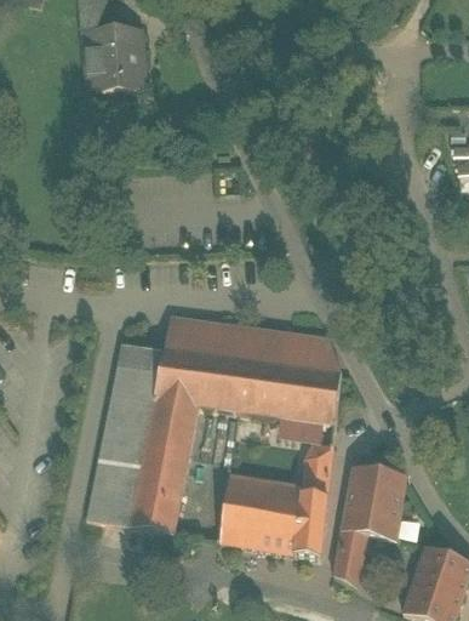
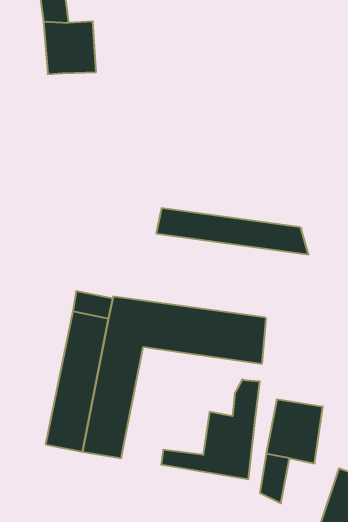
building: [164,317,339,370] -> [156,208,309,254]
building: [275,417,320,443] -> none
building: [222,472,275,529] -> none

